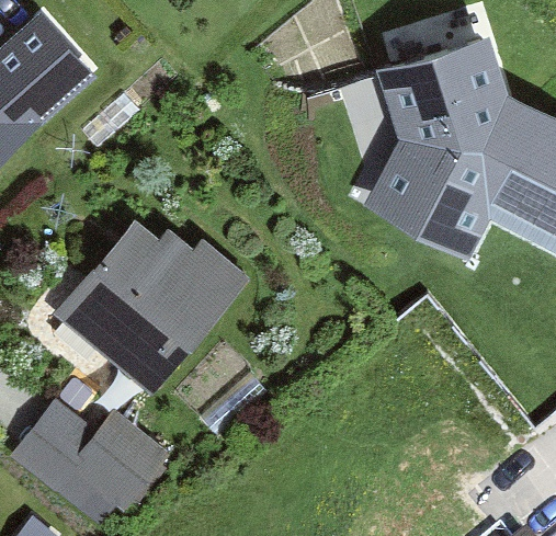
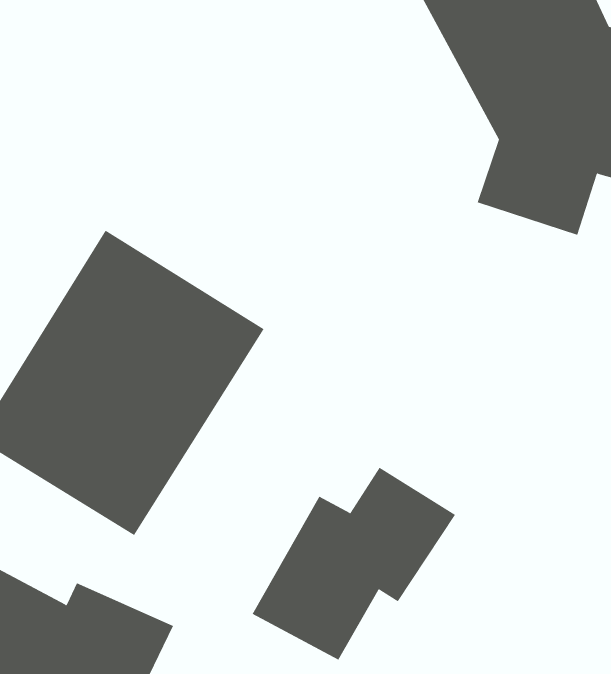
building: none -> [252,467,456,660]

